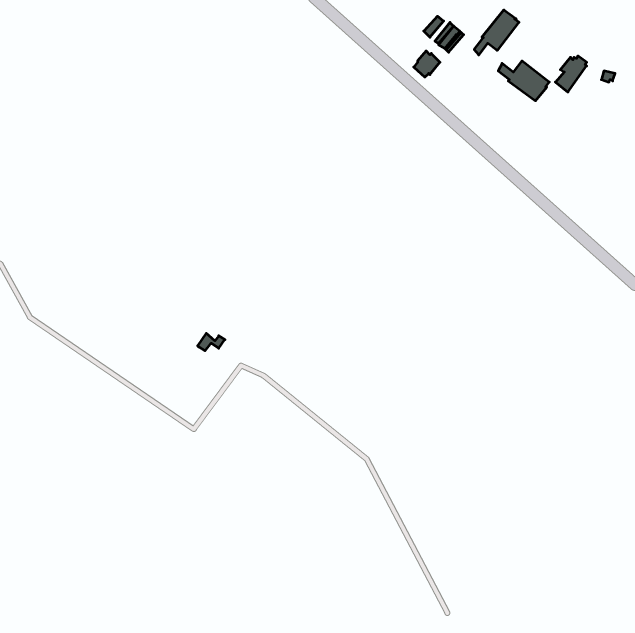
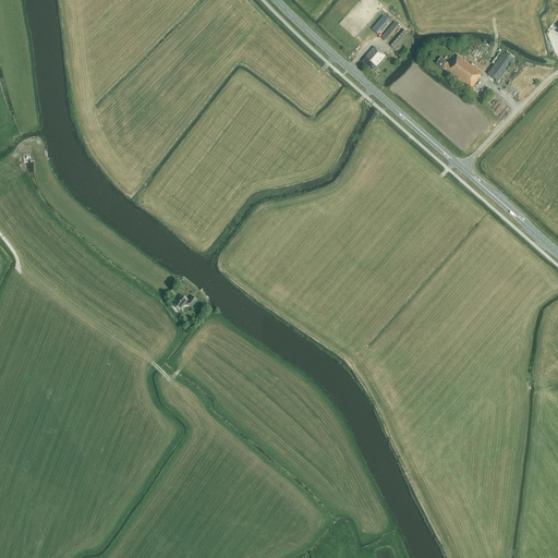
building: [474,10,519,55] -> none

